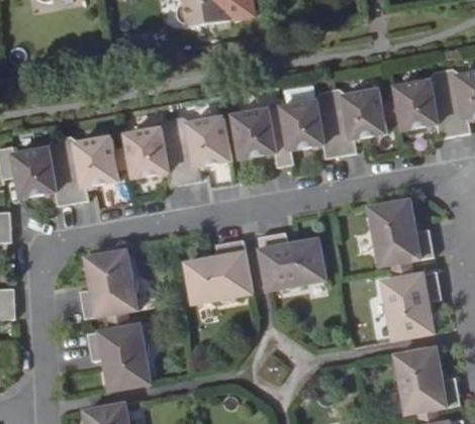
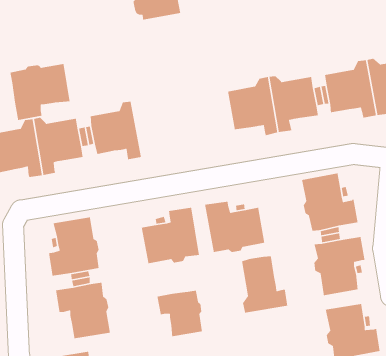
building: none -> [10,63,71,121]
building: [232,97,293,165] -> none
building: [173,114,231,181] -> none
building: none -> [241,255,288,313]
building: none -> [157,290,203,337]

